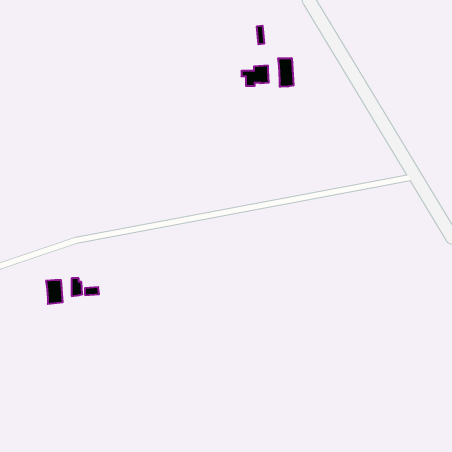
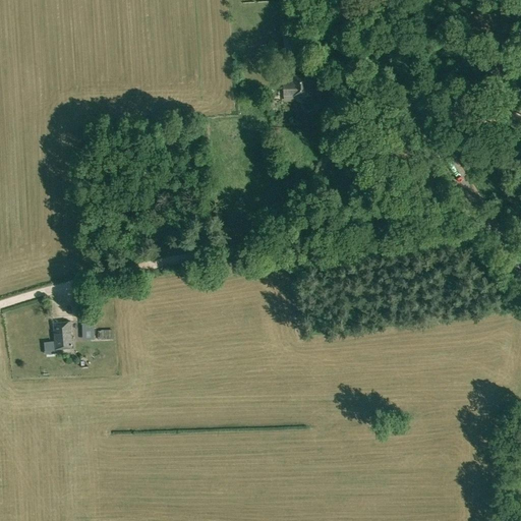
building: [278,58,293,87] -> none

